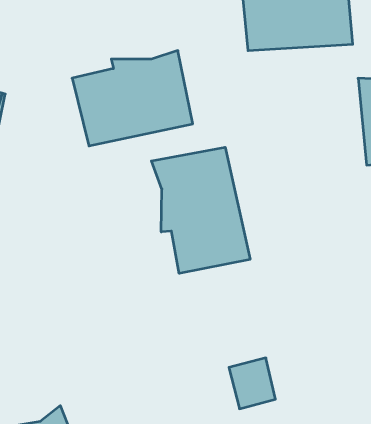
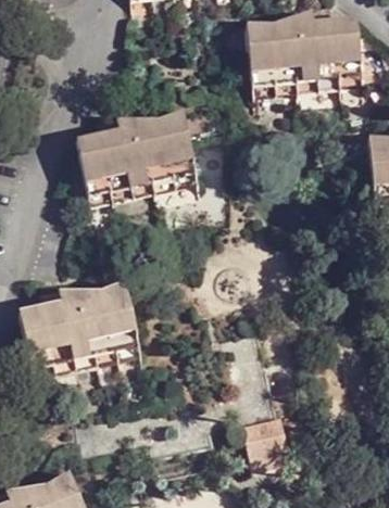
building: [151,147,250,273] -> none
building: none -> [18,283,136,371]

